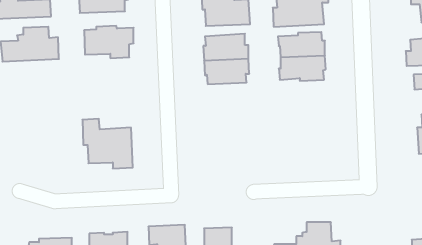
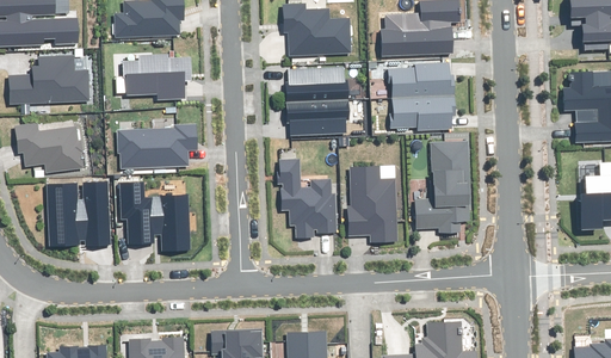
building: none -> [16,124,82,172]
building: none -> [117,125,197,168]
building: none -> [416,142,471,233]
building: none -> [278,159,335,237]
building: none -> [348,166,397,242]
building: none -> [47,181,111,247]

